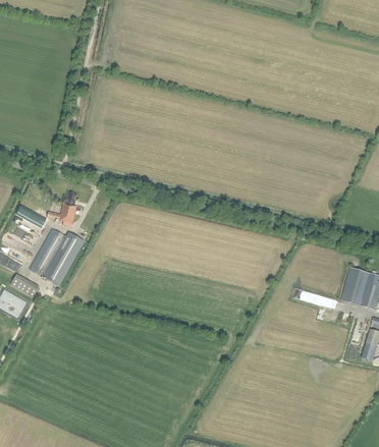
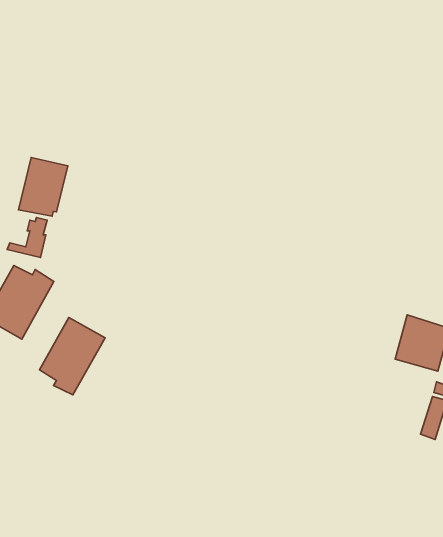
building: none -> [18,157,68,216]
building: none -> [40,318,105,395]

